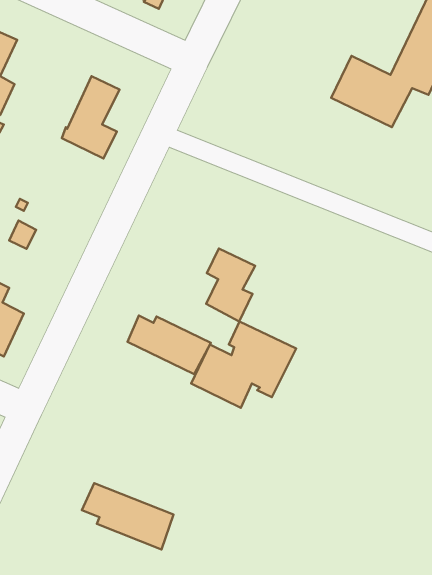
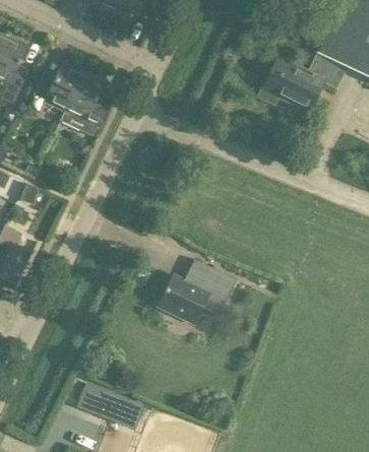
building: none -> [26,63,82,115]
building: [206,248,255,321] -> none
building: [128,316,211,374] -> none

